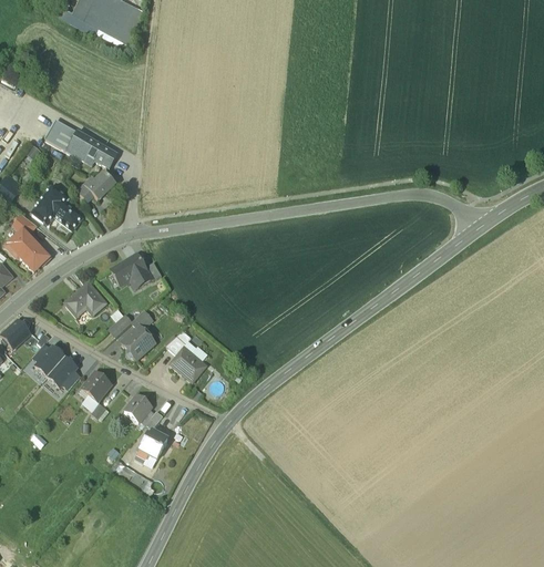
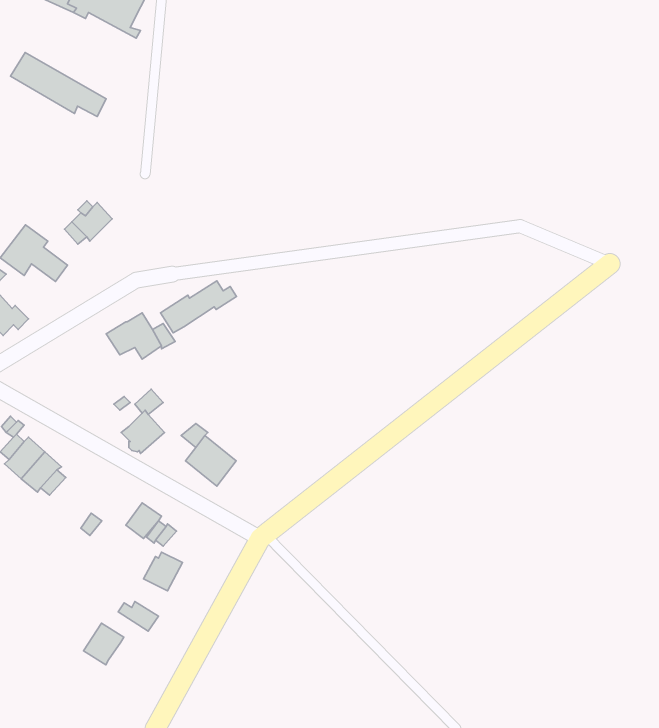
building: [44,120,115,167] -> [10,52,106,117]
building: none -> [160,281,237,333]
building: [63,281,105,316] -> none
building: [81,370,111,400] -> none
building: none -> [84,623,124,665]

